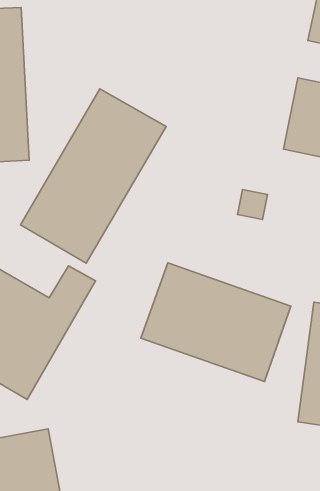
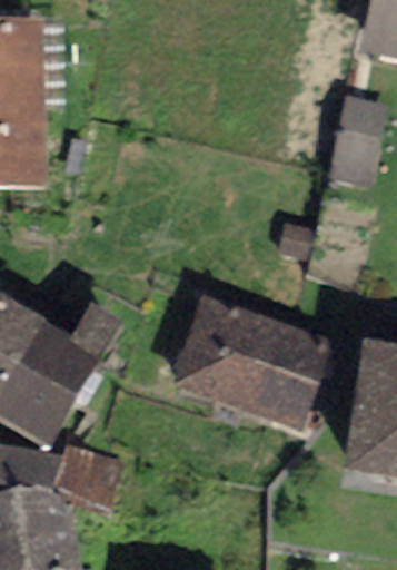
building: [21,89,166,263] -> none

